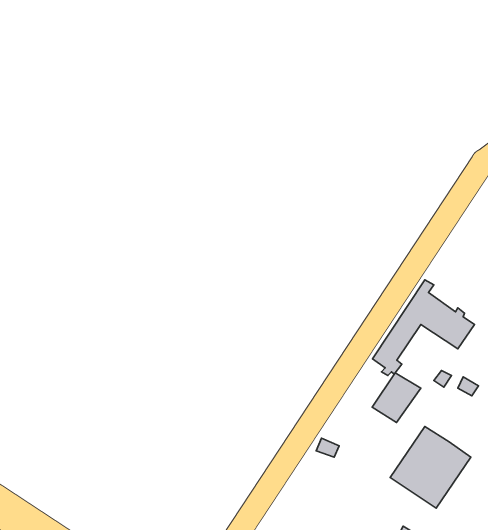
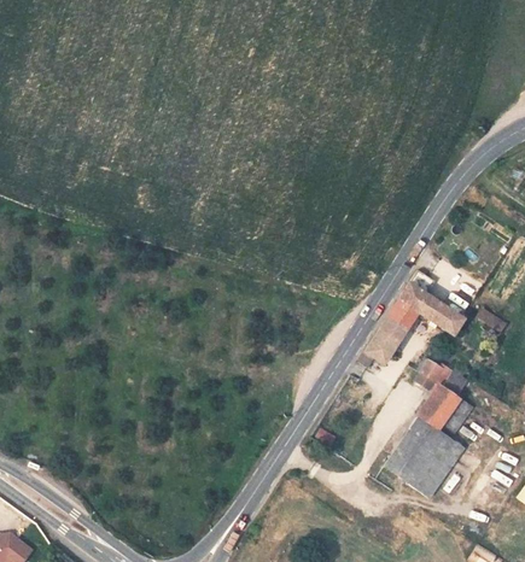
building: [372,373,421,423] -> [416,382,462,429]

